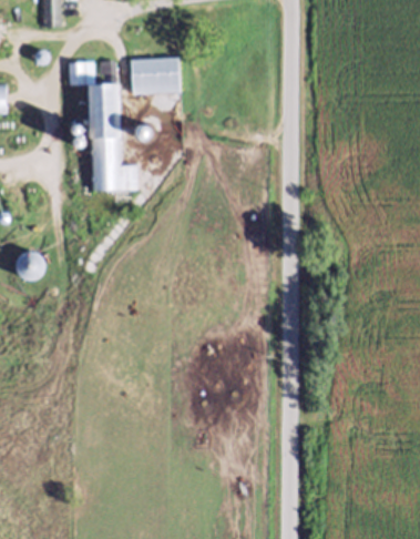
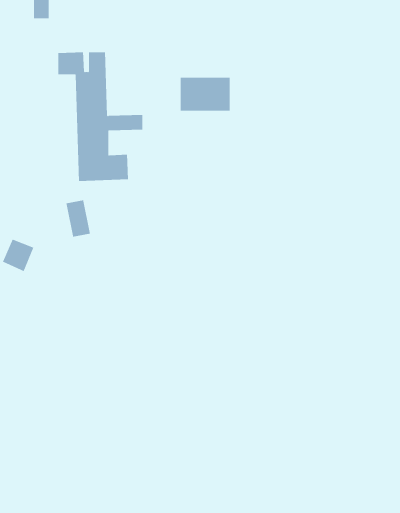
building: [131,59,182,93] -> [180,77,231,111]
building: none -> [66,199,90,238]

